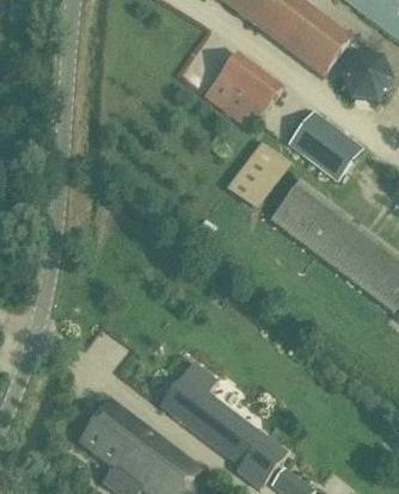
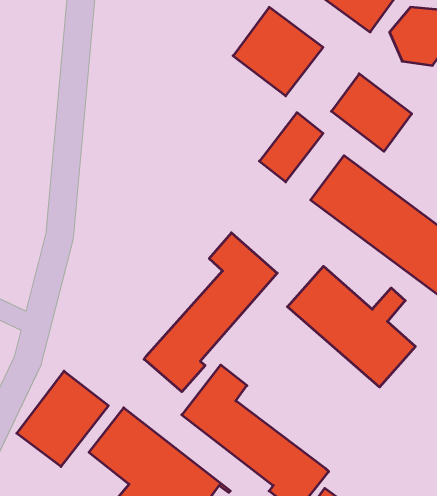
building: none -> [144,233,277,392]
building: none -> [287,266,415,387]
building: none -> [17,371,108,467]

